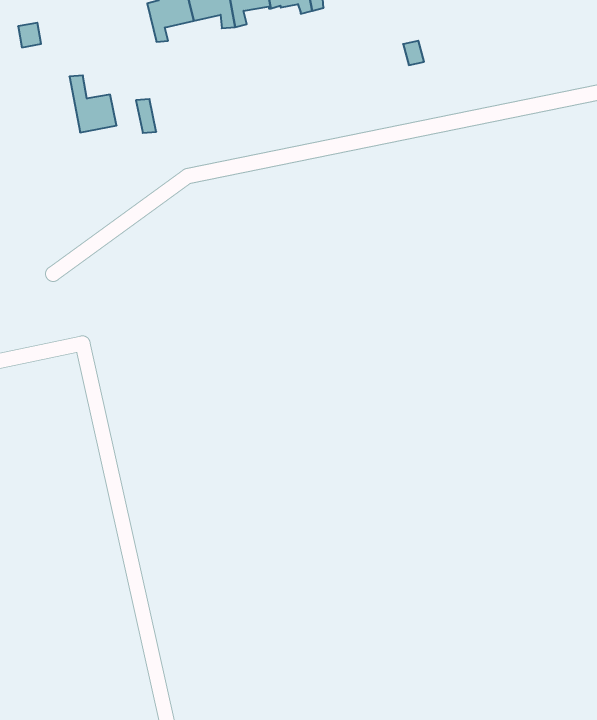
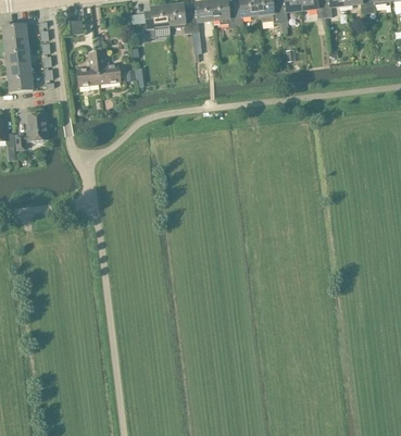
building: none -> [78,51,101,85]

